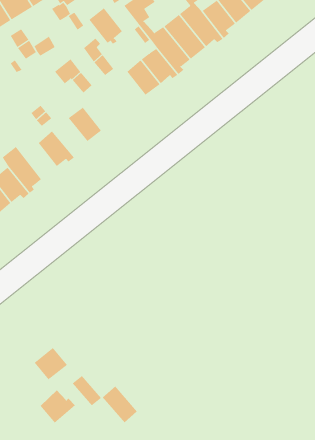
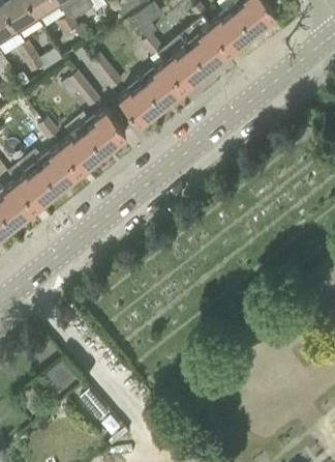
building: [89,7,123,45] -> [120,86,154,123]
building: none -> [92,109,126,145]
building: none -> [61,133,96,172]
building: none -> [25,150,65,194]
building: [102,386,138,423] -> none
building: [40,389,76,423] -> none

